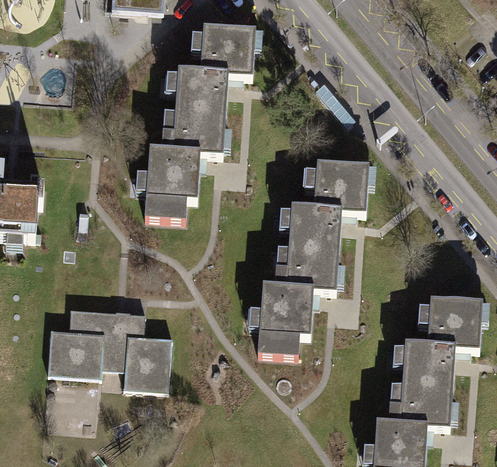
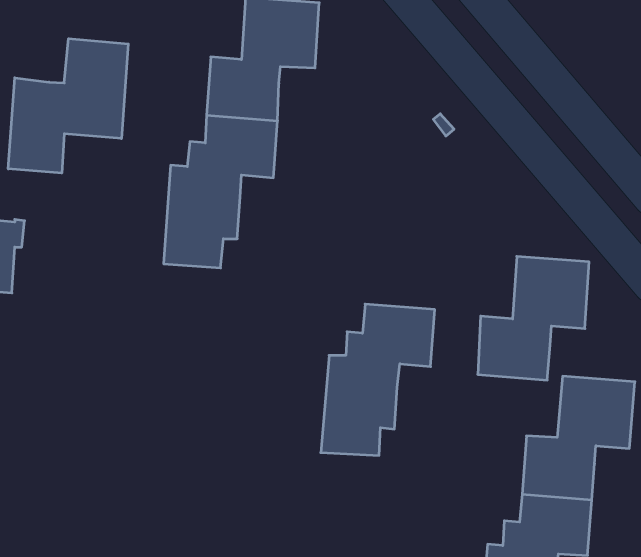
building: none -> [8,39,128,173]
building: [288,161,368,250] -> [478,256,589,380]
building: [46,306,171,390] -> none

